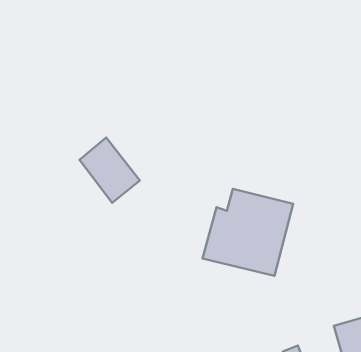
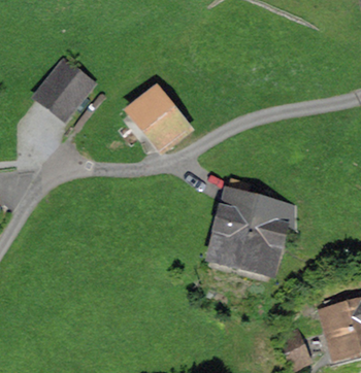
building: none -> [40,67,89,115]
building: [80,138,140,203] -> [132,93,186,150]

